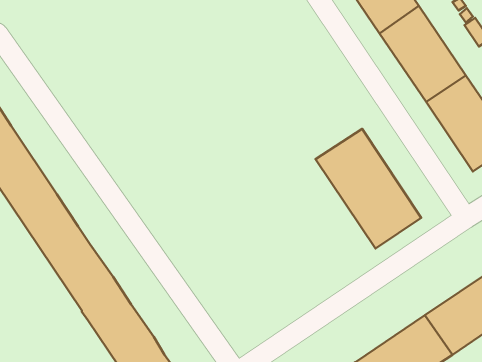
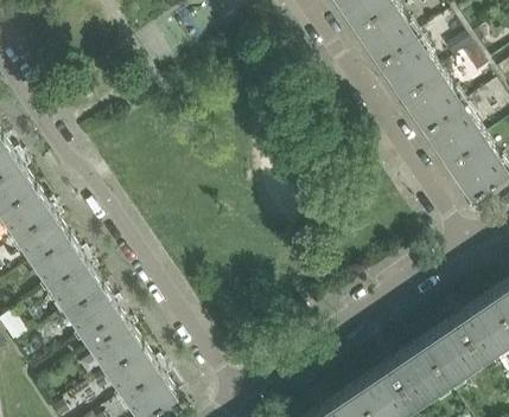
building: [316,129,421,249] -> none

